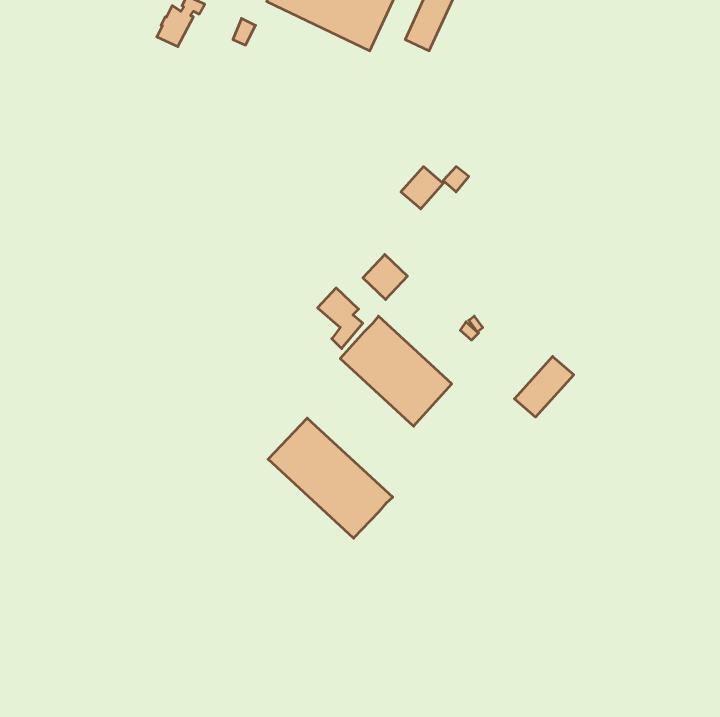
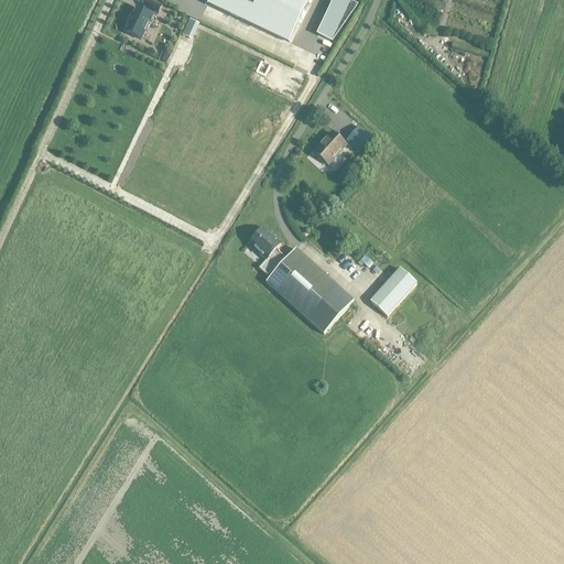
building: [363,254,407,300] -> none
building: [514,356,574,417] -> [369,267,415,314]
building: [268,418,393,538] -> none

